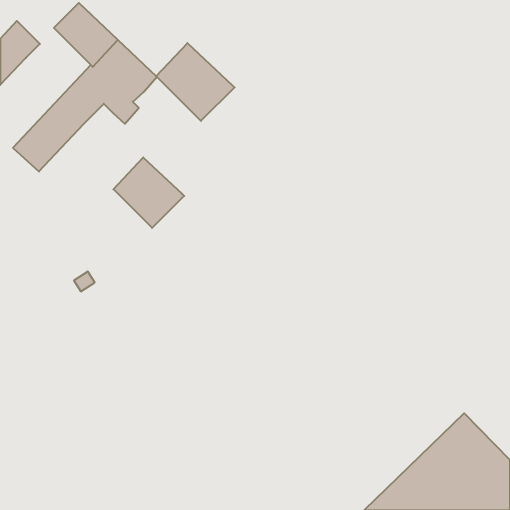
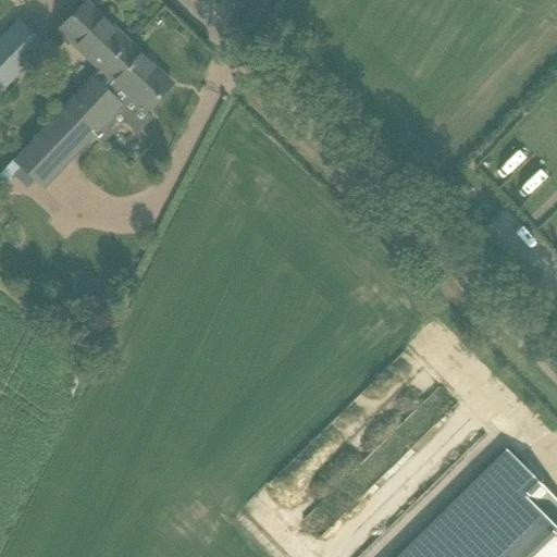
building: [156,43,235,121] -> none
building: [113,157,184,228] -> none

